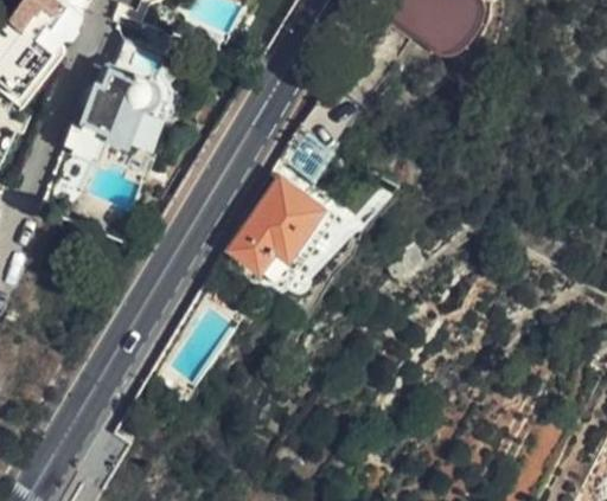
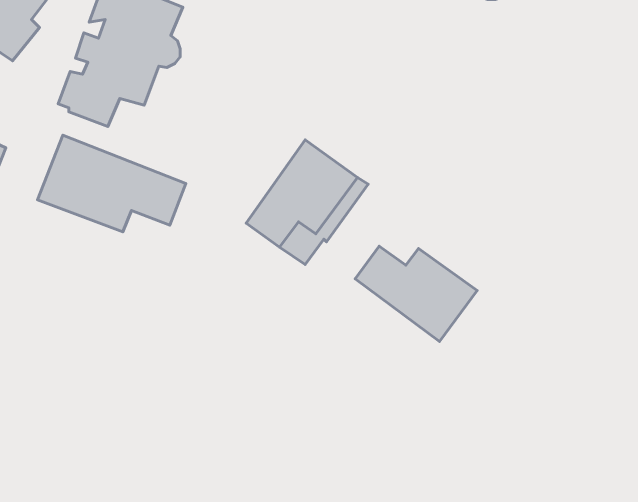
building: none -> [38,135,186,232]
building: none -> [355,246,477,342]

